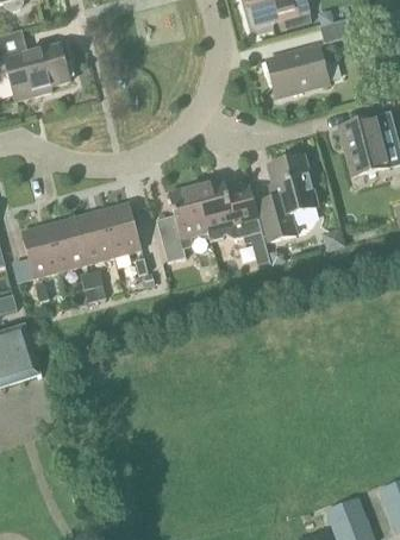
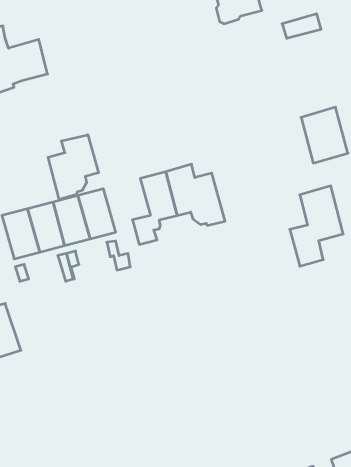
building: [267,45,330,96] -> none
building: none -> [48,135,99,200]
building: [260,155,317,240] -> [290,186,343,266]

